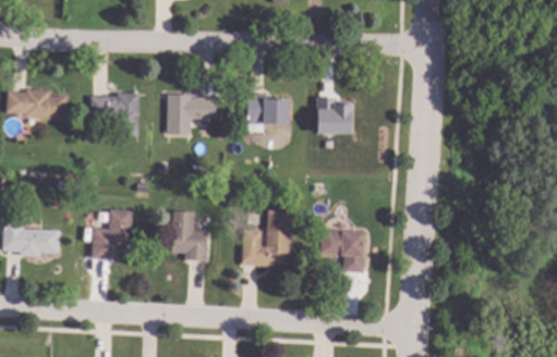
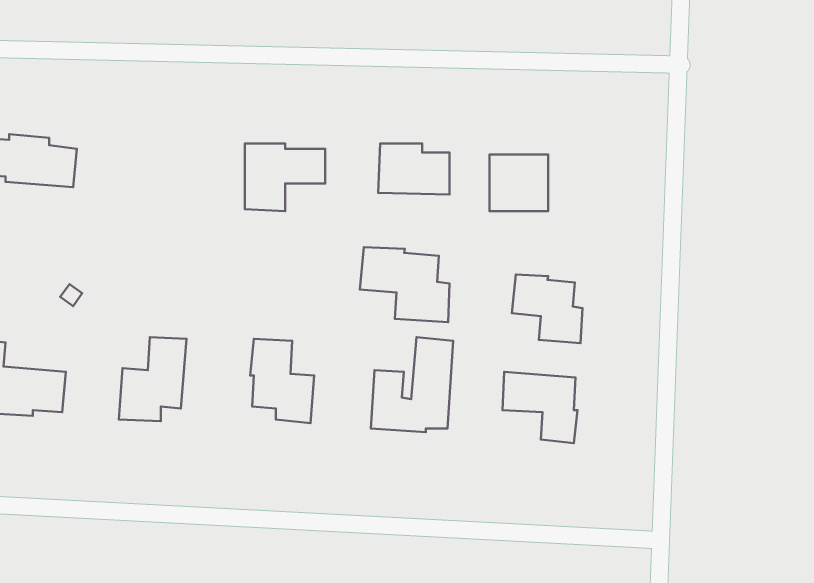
building: [90,91,140,135] -> none
building: none -> [360,247,449,322]
building: none -> [512,275,582,343]

